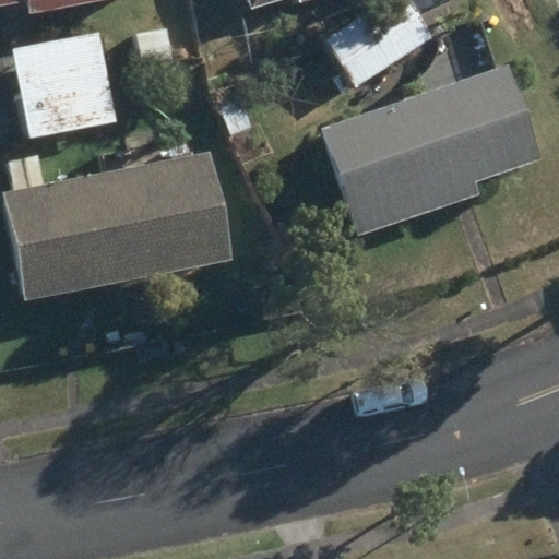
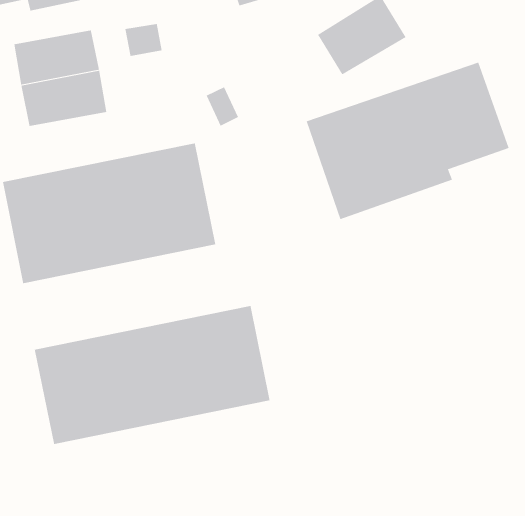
building: none -> [34,305,270,445]

